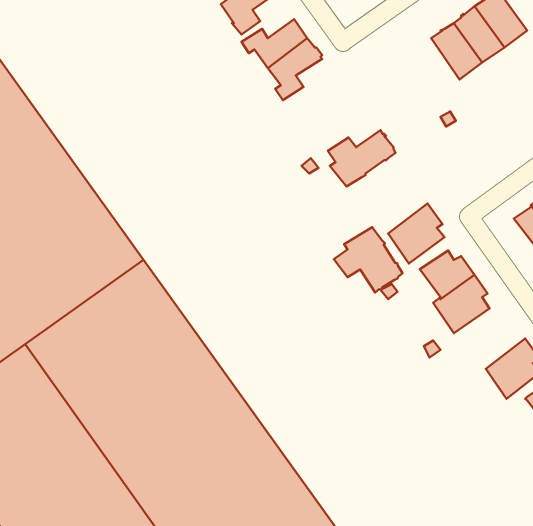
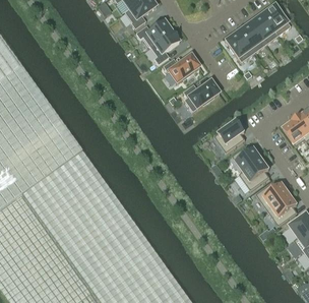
building: none -> [225,29,253,61]
building: none -> [163,54,199,81]
building: [334,227,402,293] -> none
building: none -> [255,179,289,208]

